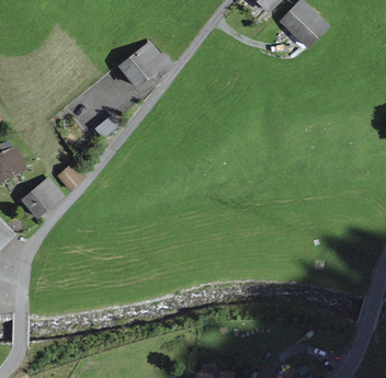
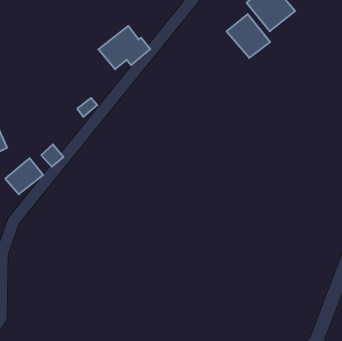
building: none -> [227,14,270,58]

